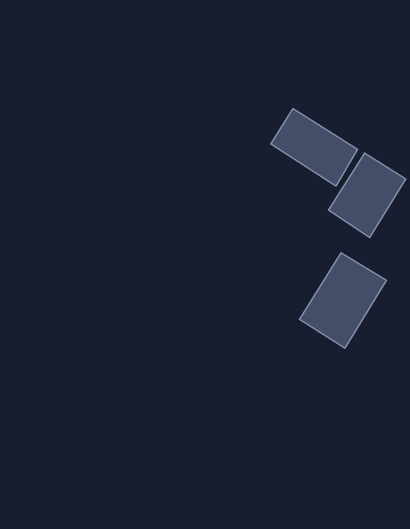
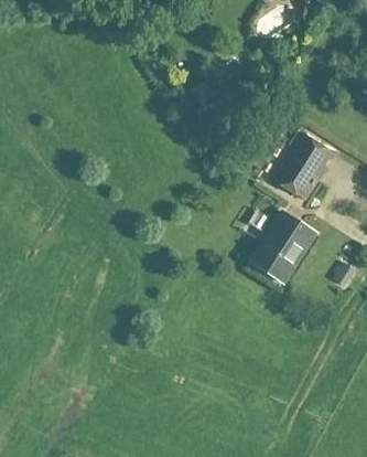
building: [271,109,358,186] -> none

